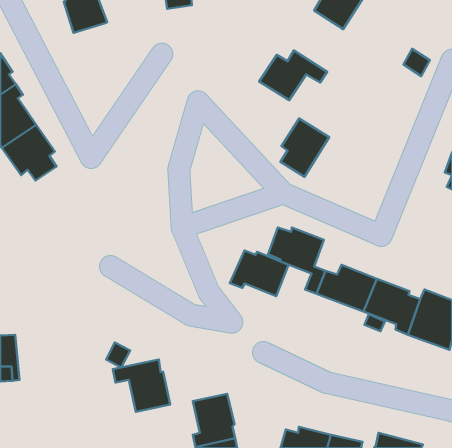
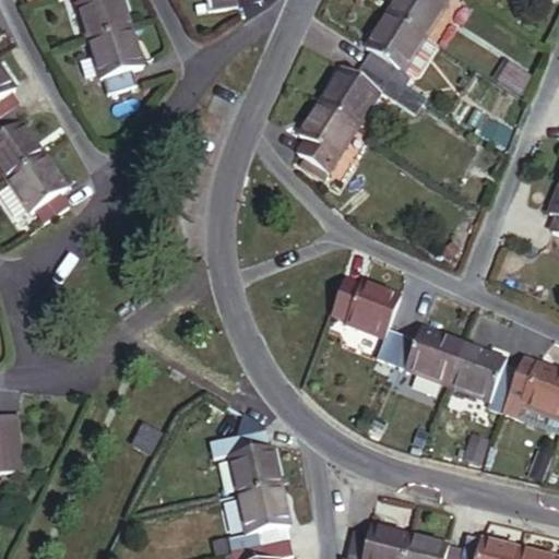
building: none -> [362,13,439,88]
building: none -> [91,28,142,93]
building: [281,119,329,177] -> [297,100,357,173]
building: [230,251,288,296] -> none
building: [113,359,170,412] -> [210,430,281,495]

